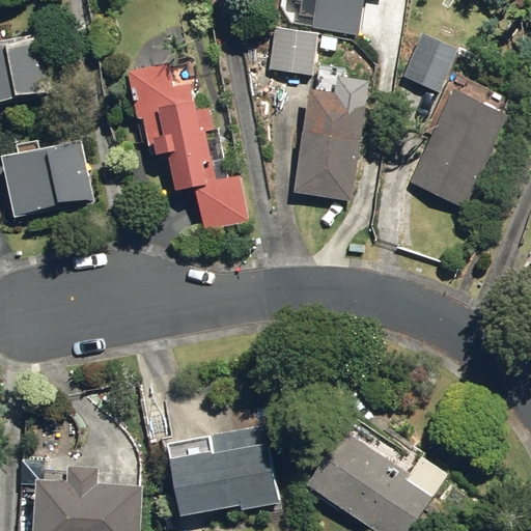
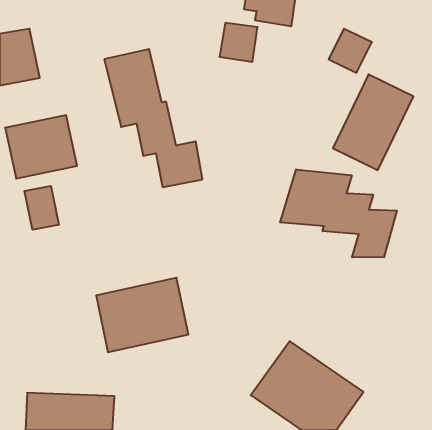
building: [295,88,364,198] -> none
building: none -> [280,169,397,257]
building: none -> [24,186,59,230]
building: [167,425,280,516] -> [96,278,188,352]

